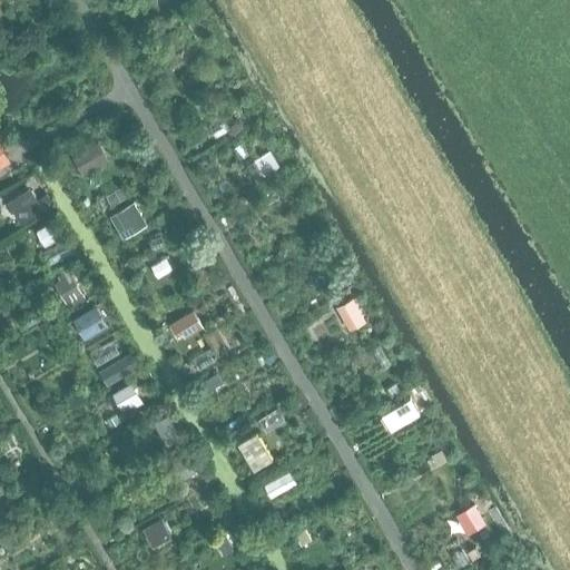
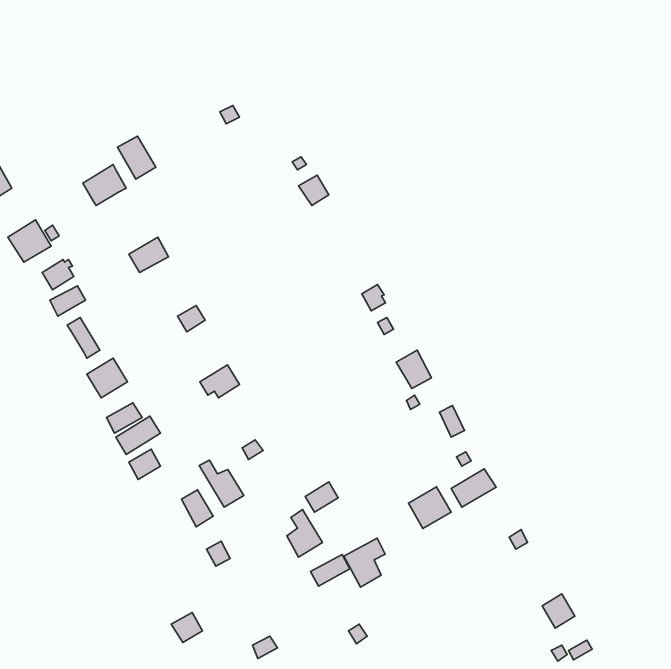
building: none -> [118,136,156,179]
building: none -> [199,460,244,507]
building: none -> [408,487,451,529]
building: none -> [344,538,385,587]

